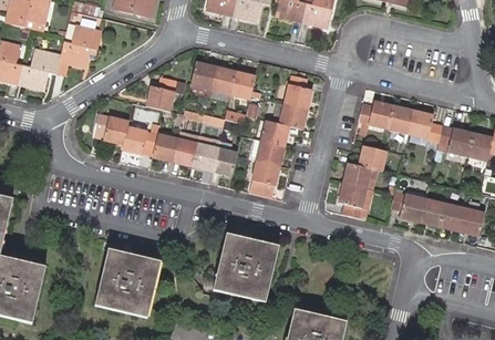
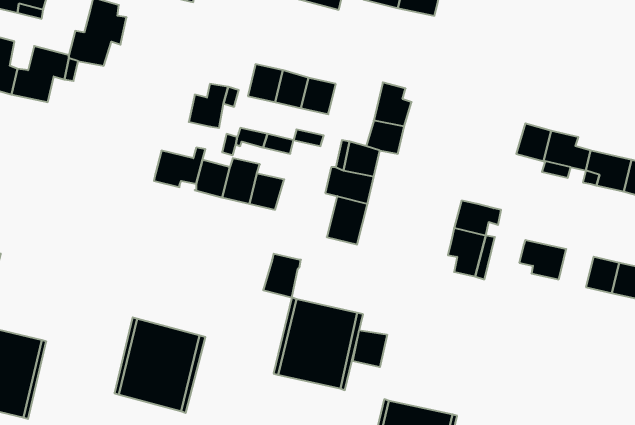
building: [358,102,395,133] -> none
building: [95,113,131,143] -> none
building: [213,143,240,175] -> [263,254,301,298]
building: [360,145,386,171] -> none
building: [420,198,445,226] -> none
building: none -> [353,330,387,367]

